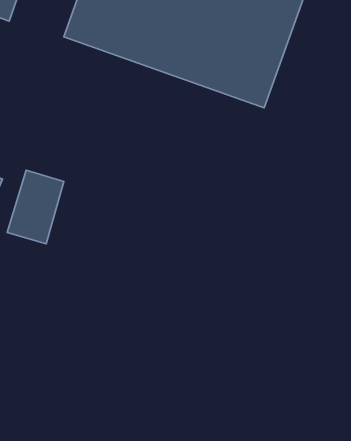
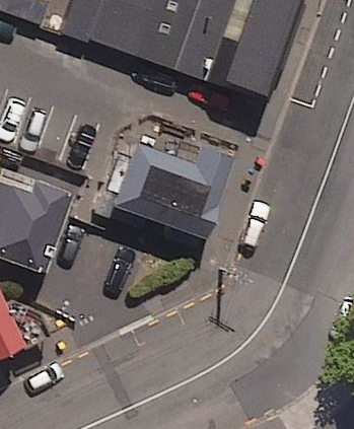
building: none -> [98,136,225,248]

